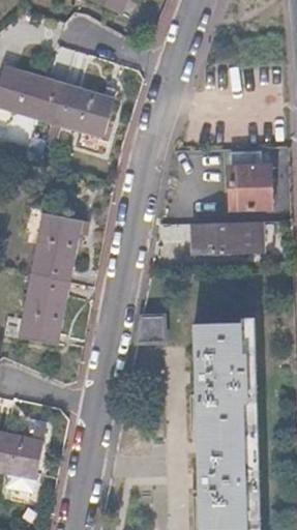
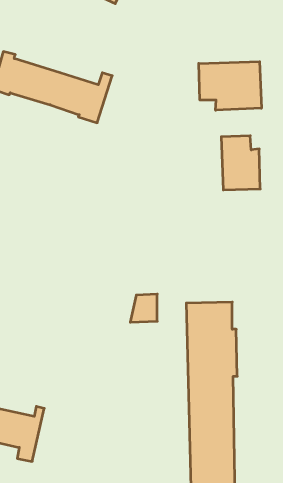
building: none -> [199,62,261,110]
building: [21,212,85,344] -> none
building: [191,220,261,256] -> none

